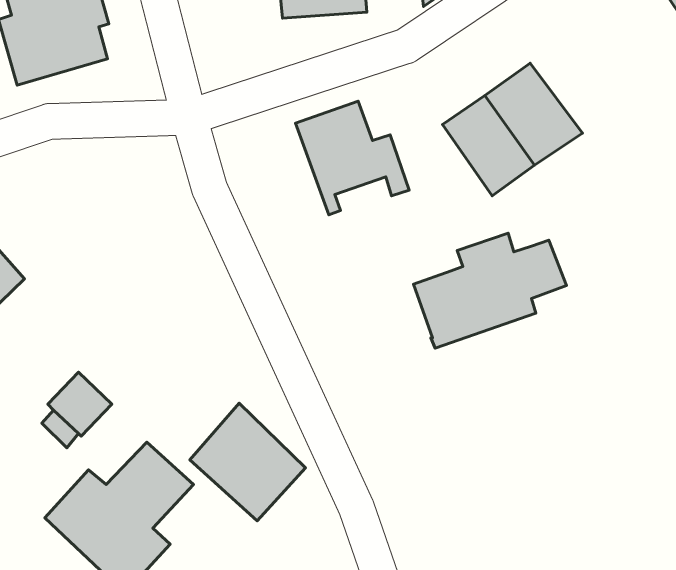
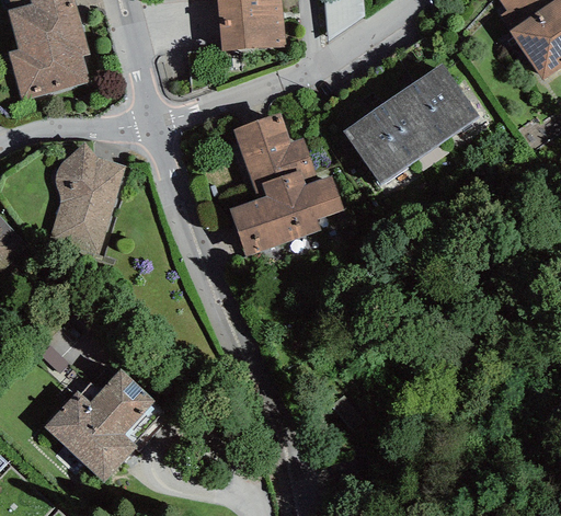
building: none -> [409,60,481,137]
building: none -> [48,141,126,255]
building: [413,233,566,348] -> [229,170,344,256]
building: [190,403,305,521] -> none

